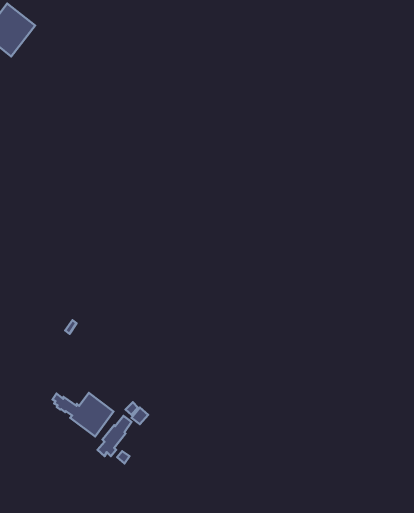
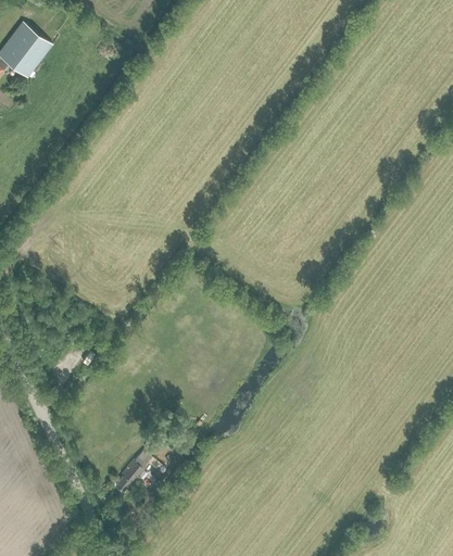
building: [52,393,114,437] -> none

